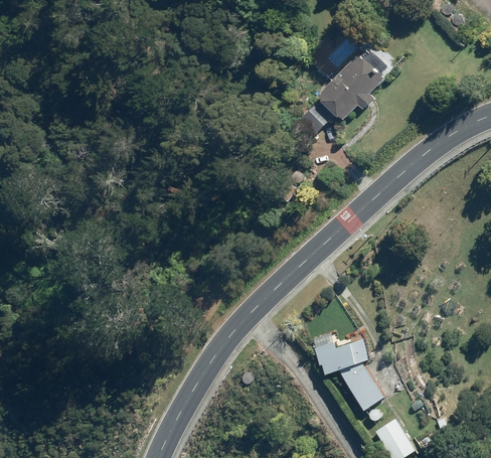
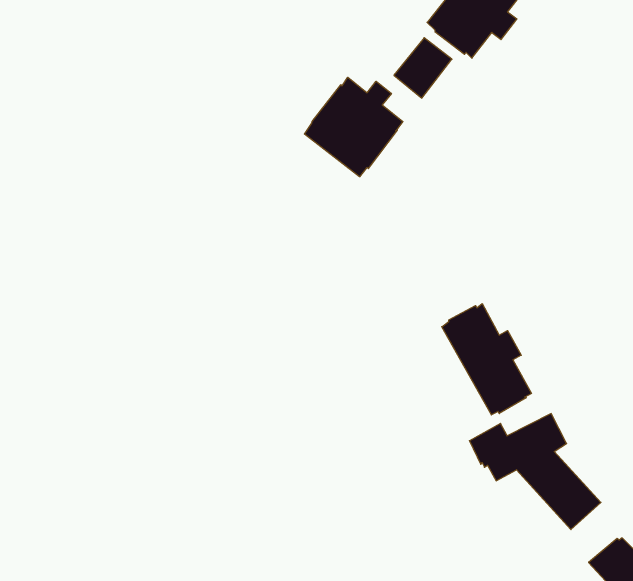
building: none -> [304,77,403,177]
building: none -> [442,304,531,415]

